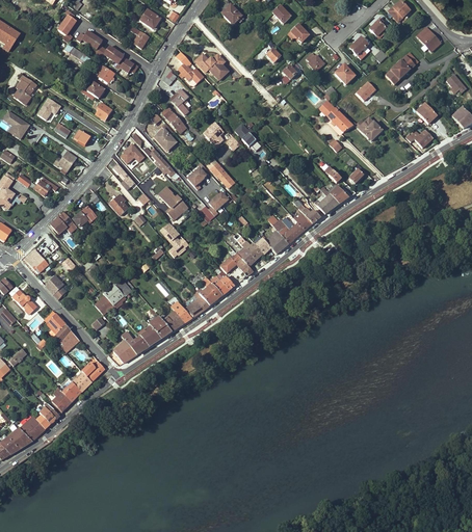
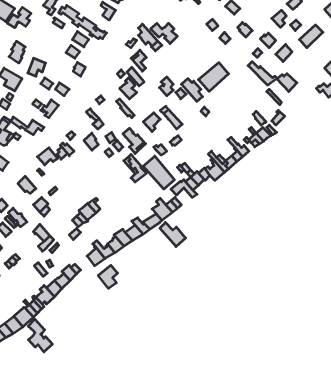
building: none -> [7,7,31,28]
building: none -> [198,63,229,91]
building: none -> [143,156,174,189]
building: none -> [160,222,186,247]
building: none -> [98,265,118,288]
building: none -> [28,319,52,352]

